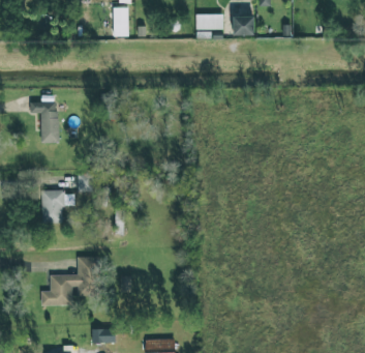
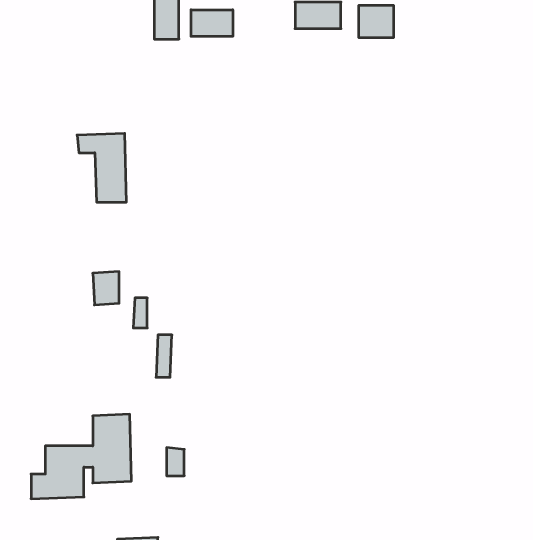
building: none -> [191,10,233,36]
building: [30,101,59,142] -> [77,133,126,202]
building: [41,189,74,223] -> none

